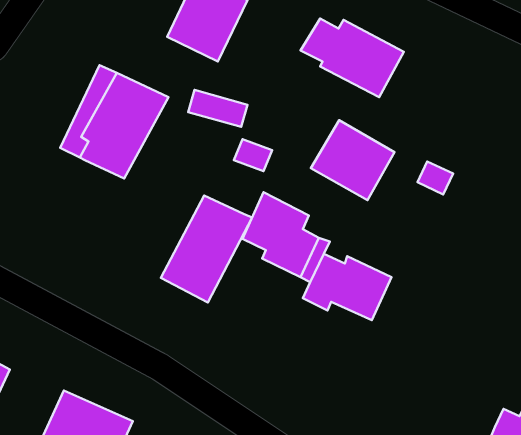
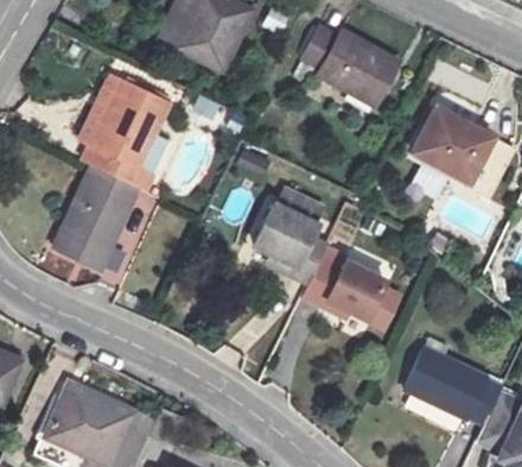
building: [311,120,395,200] -> [413,107,494,184]
building: [161,195,252,302] -> [52,165,140,269]
building: none -> [409,347,505,423]

